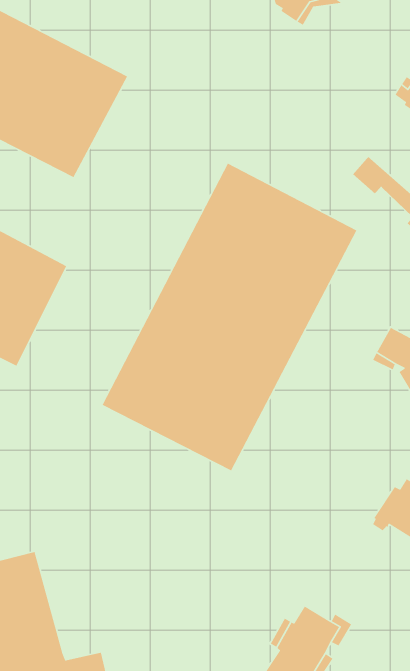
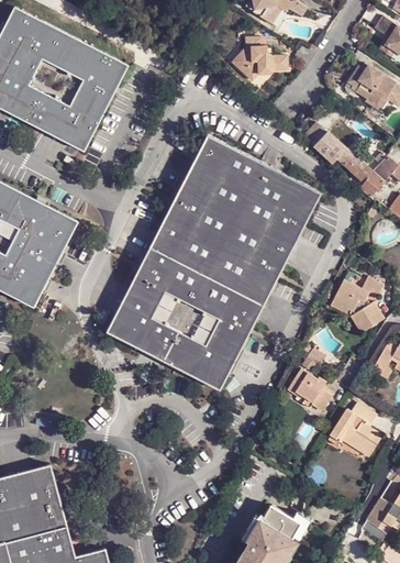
building: none -> [236,37,287,79]
building: none -> [288,365,335,409]

